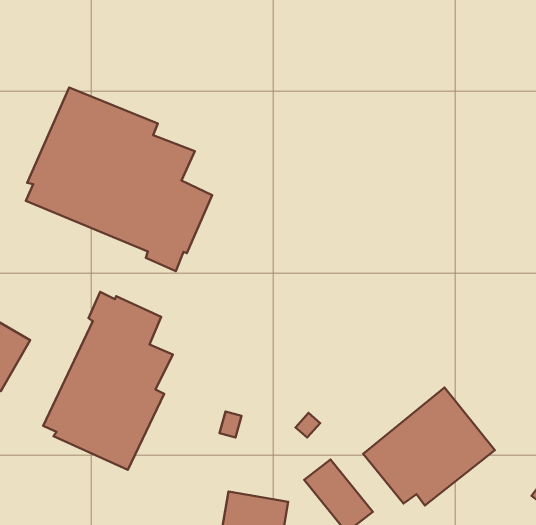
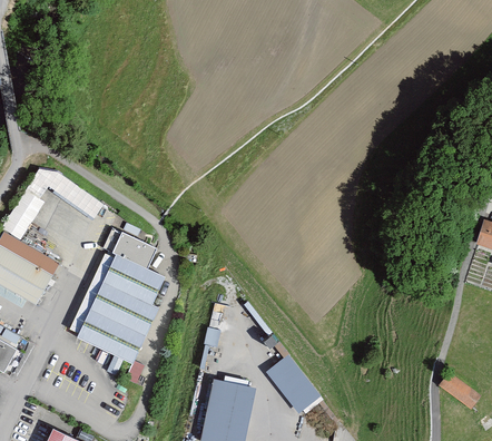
building: [26,88,212,271] -> none
building: [363,388,495,506] -> none

